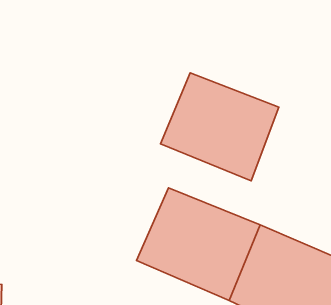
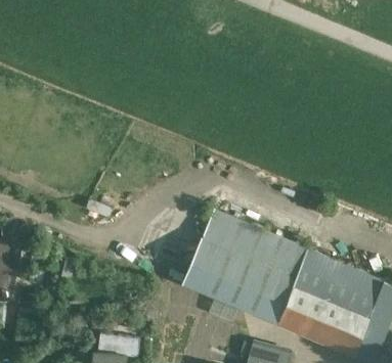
building: [160,73,279,181] -> none

